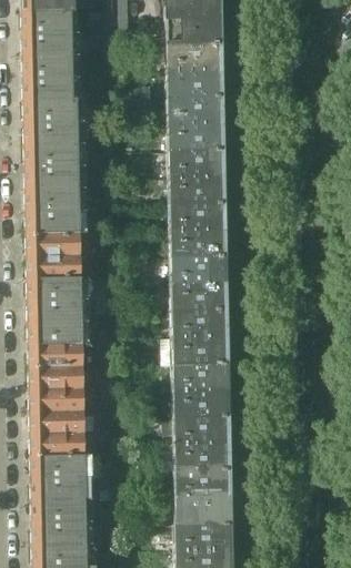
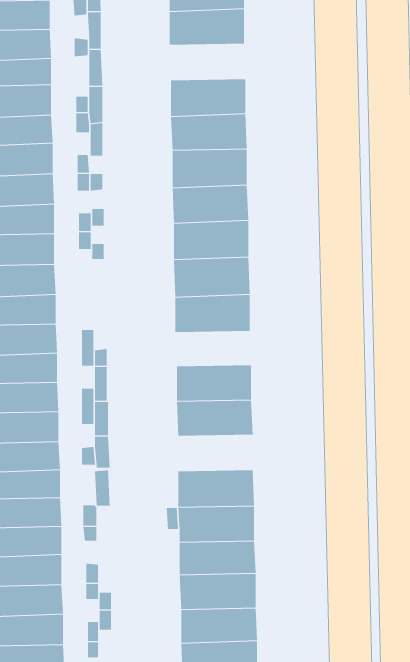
building: [164,68,223,95] -> none
building: [169,286,228,313] -> none
building: [171,365,229,393] -> none

